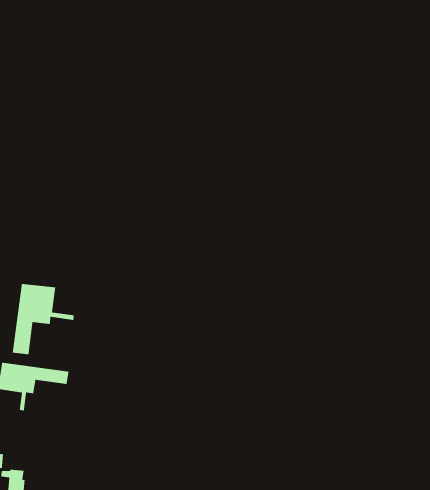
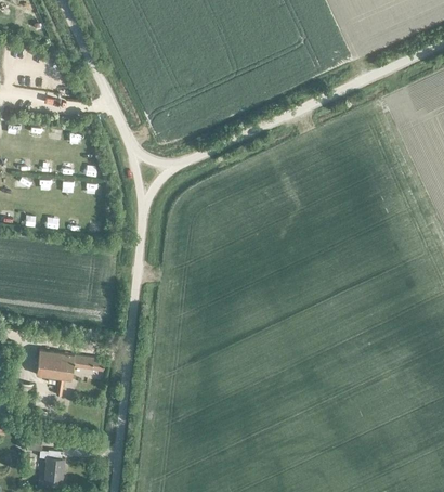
building: [12,283,74,355] -> none

